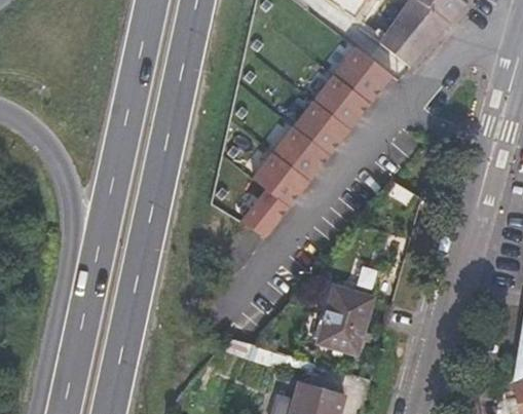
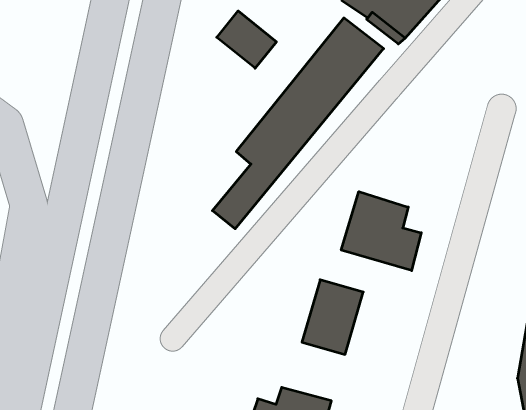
building: none -> [217,11,276,68]
building: none -> [341,192,421,271]

